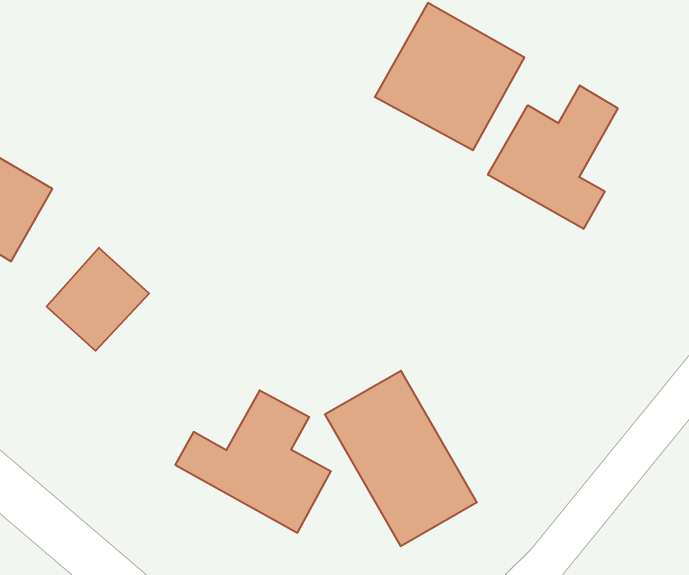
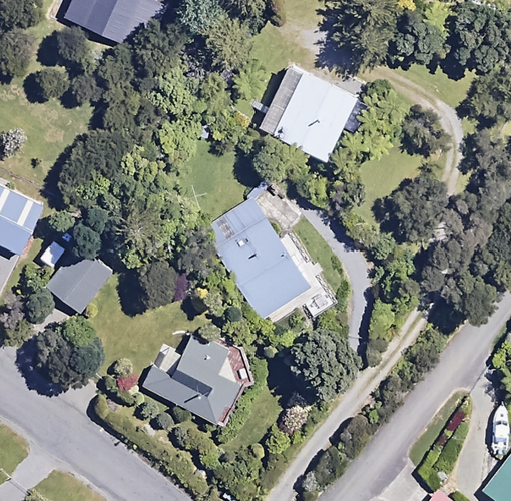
building: [488,85,618,229] -> none
building: [325,371,477,546] -> [202,199,310,319]

